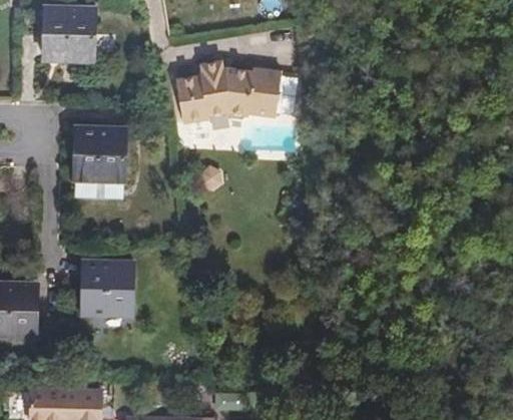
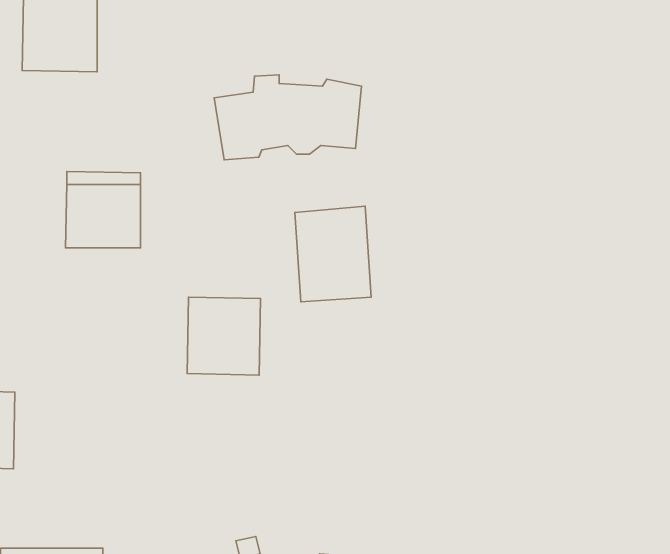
building: none -> [295,206,371,302]
building: [82,263,133,317] -> [187,297,261,375]

